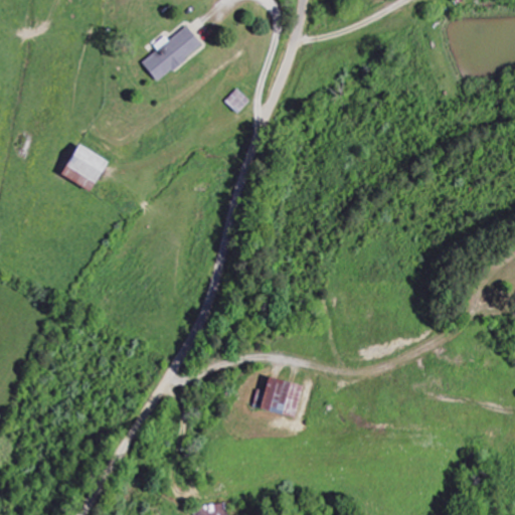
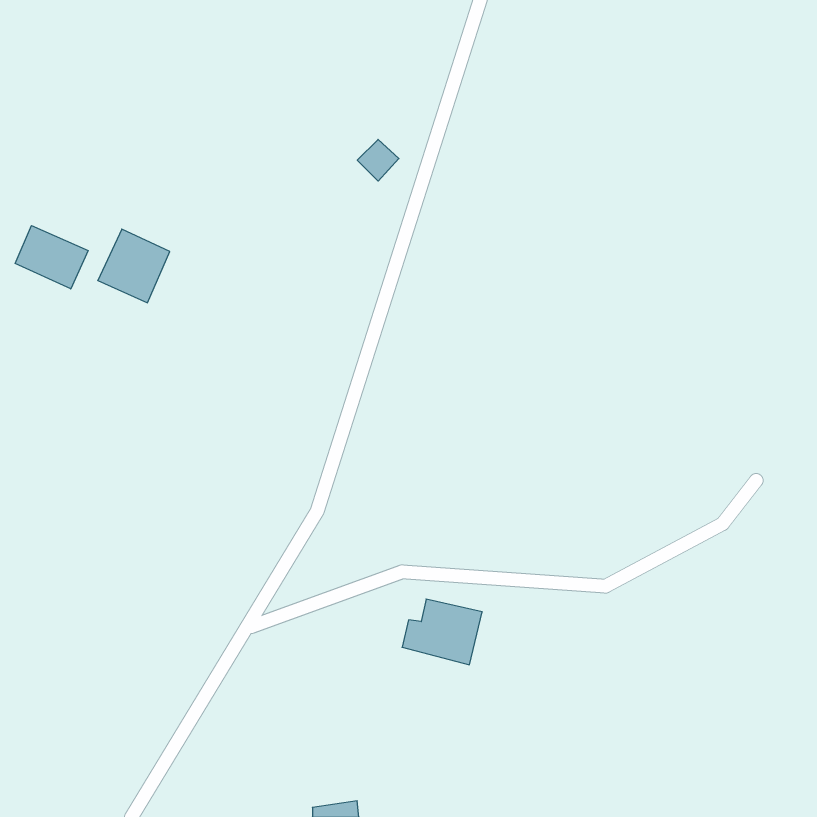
building: [140,26,201,83] -> none
building: none -> [15,226,88,289]

